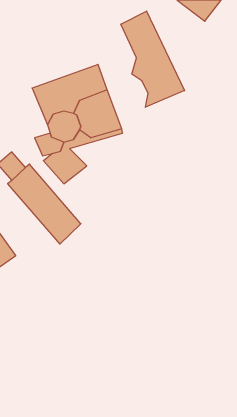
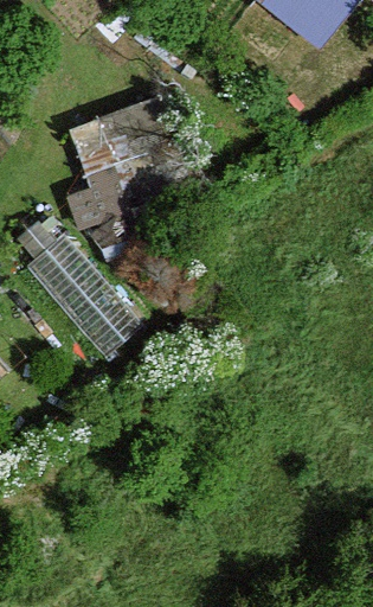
building: [121,11,185,107] -> none

